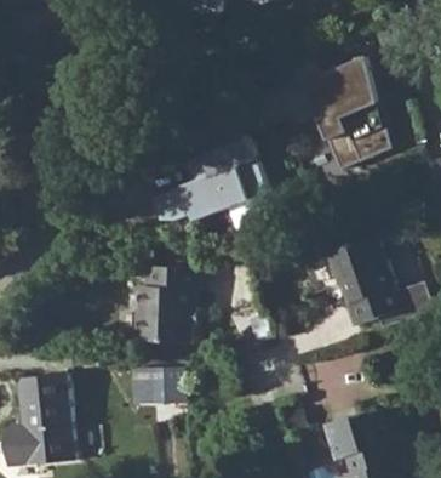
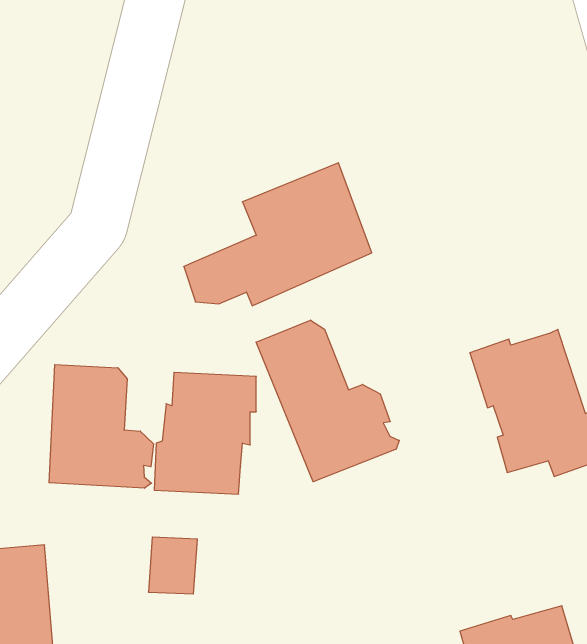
building: [302,61,389,167] -> none
building: none -> [256,320,399,482]
building: none -> [49,365,153,488]

